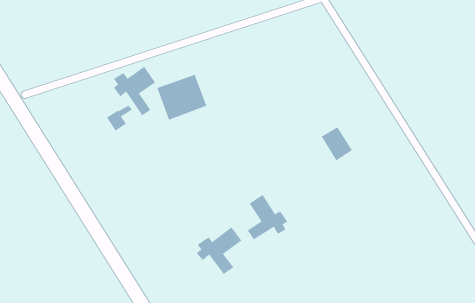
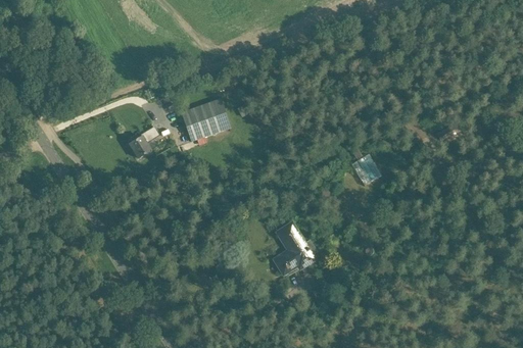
building: [113,65,156,116] -> none
building: [196,226,242,275] -> none

